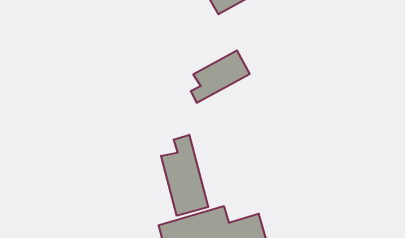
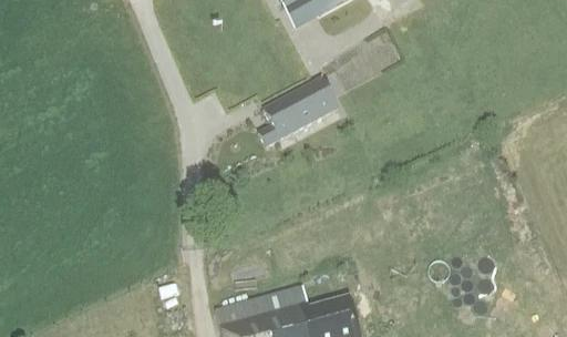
building: [161,135,208,216] -> none

